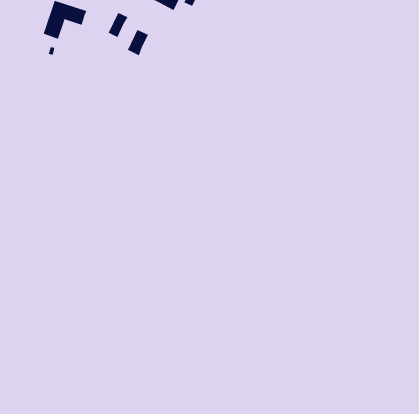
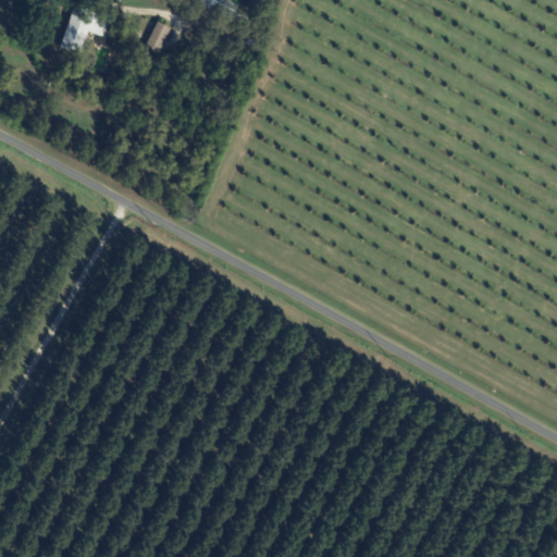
building: [127,29,149,56] -> none

